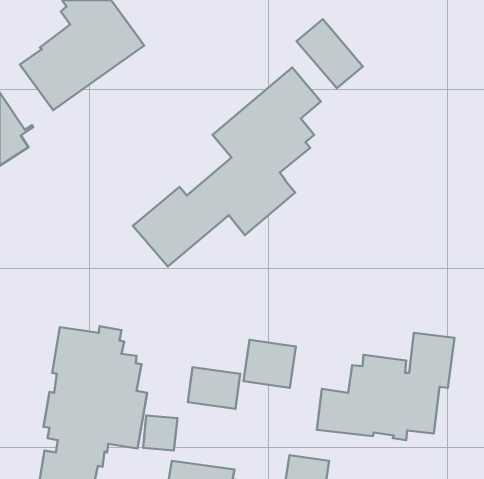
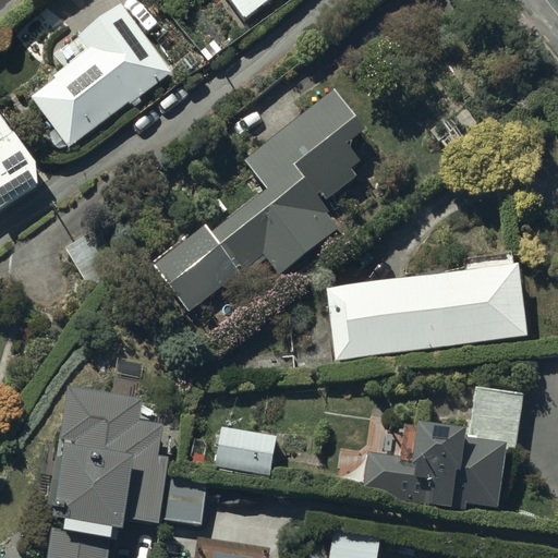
building: [297,19,363,88] -> none
building: none -> [326,263,525,362]
building: [243,340,296,388] -> none

